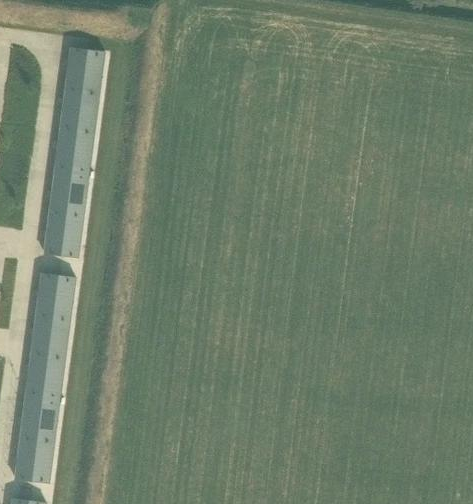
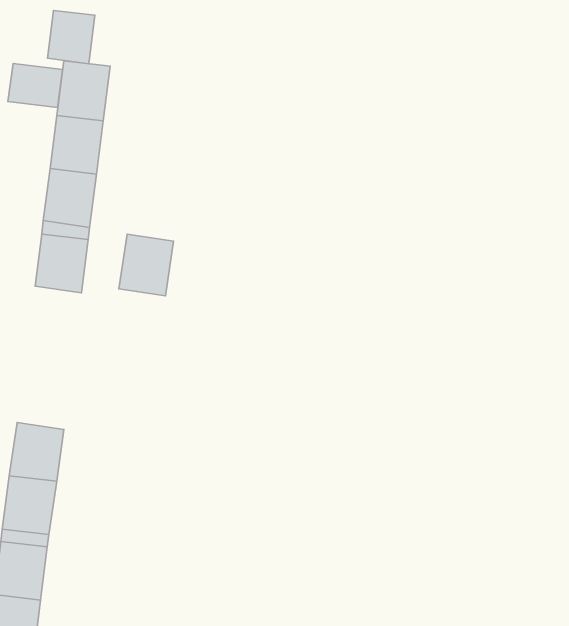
building: none -> [48,11,95,64]
building: none -> [8,63,63,108]
building: [43,213,83,258] -> [119,234,174,296]
building: [36,273,75,318] -> none

